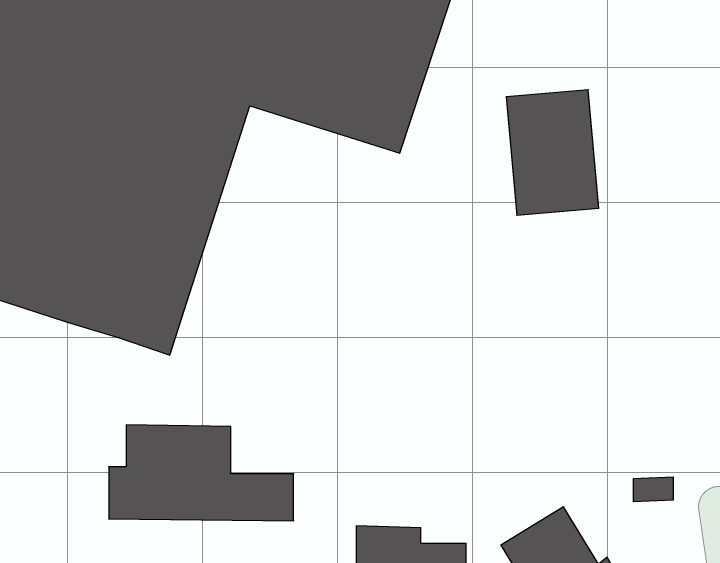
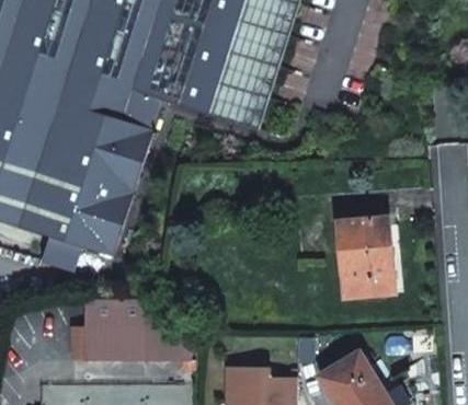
building: [506,90,599,215] -> [336,218,395,297]
building: none -> [38,235,79,271]

